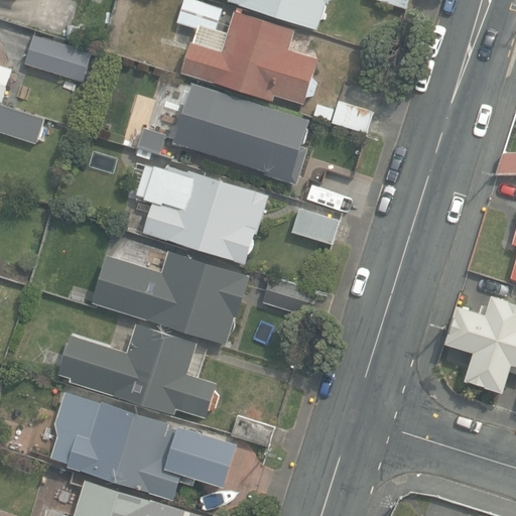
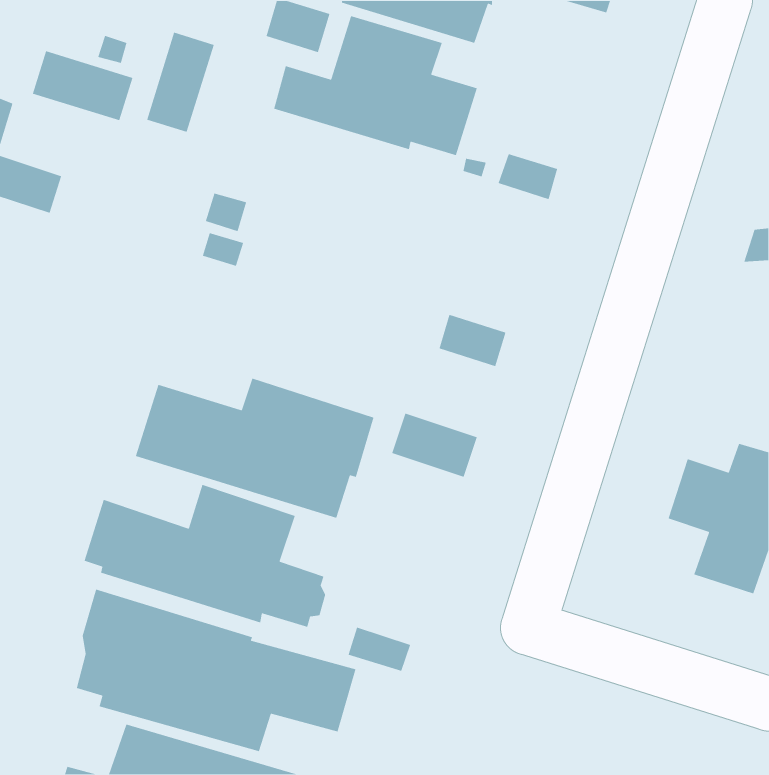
building: none -> [146,32,215,133]
building: [172,84,307,185] -> none
building: [142,169,267,265] -> none

